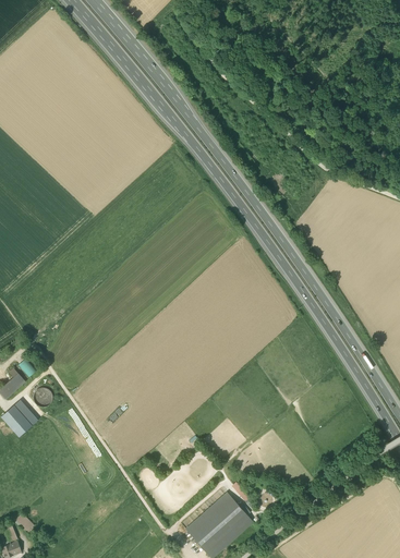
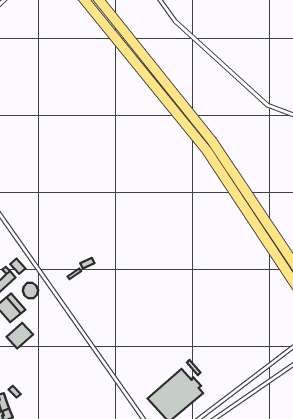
building: none -> [6,323,33,349]

